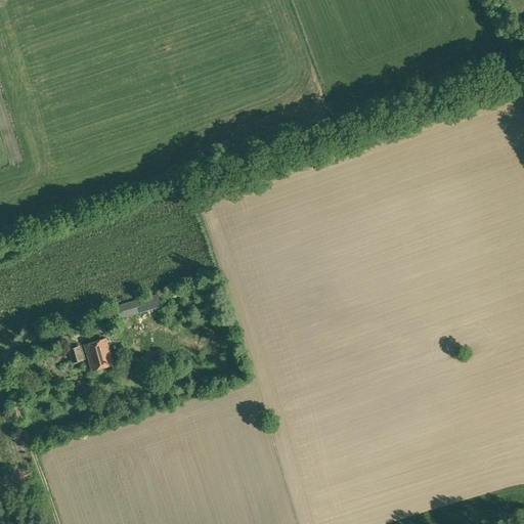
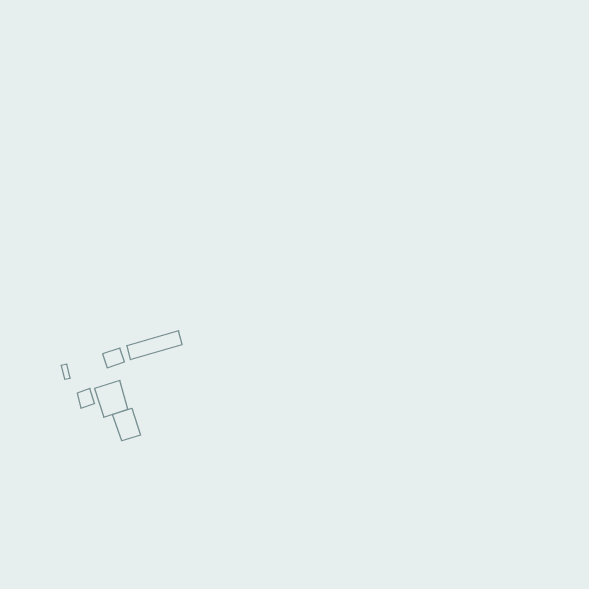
building: none -> [112,408,140,441]

